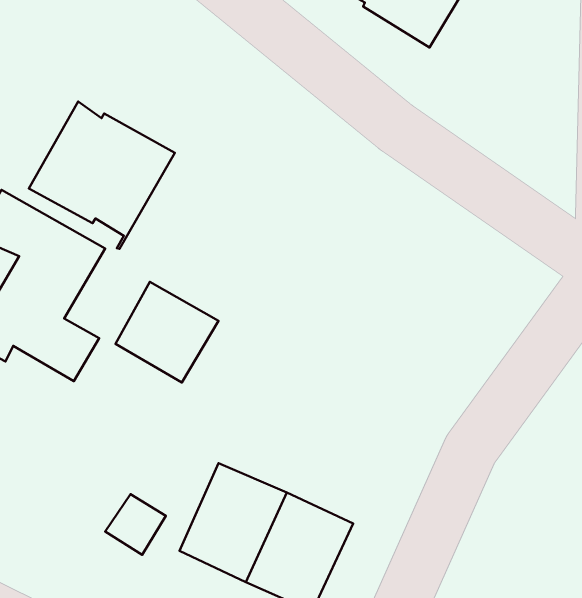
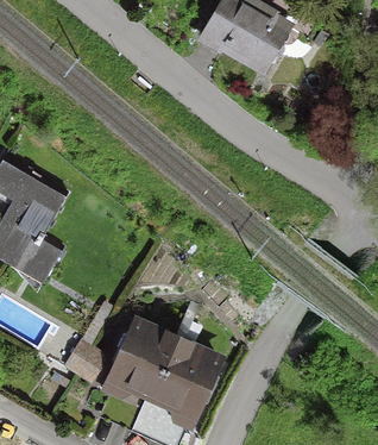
building: [29,102,175,249] -> none
building: [115,282,219,382] -> none

